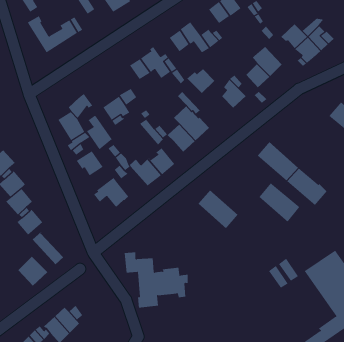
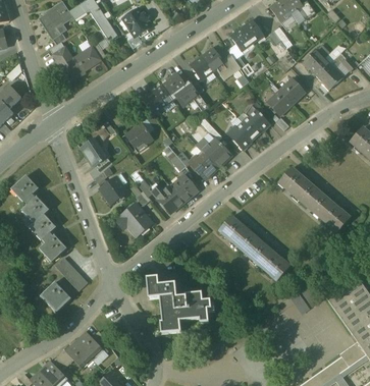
building: [187,68,215,94] -> [226,122,255,148]
building: [86,115,112,150] -> none
building: [258,183,300,222] -> [248,240,289,280]

